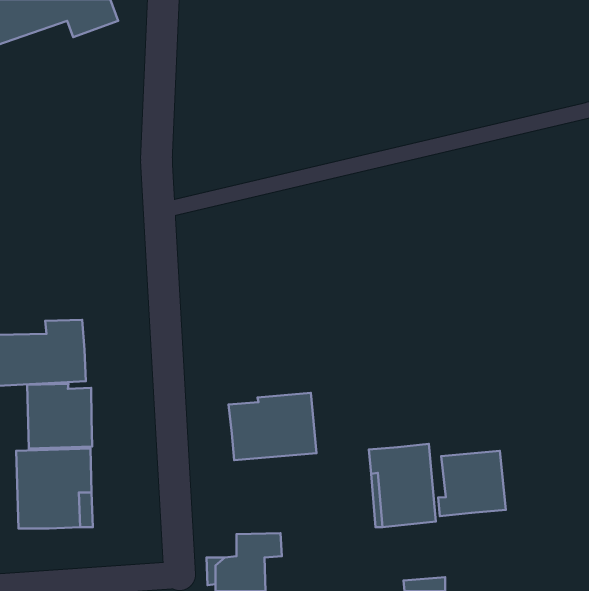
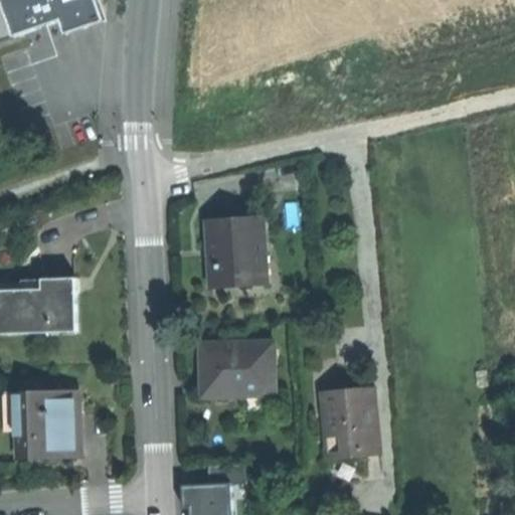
building: none -> [204,214,265,287]
building: [27,384,92,449] -> none
building: [438,451,506,516] -> none

